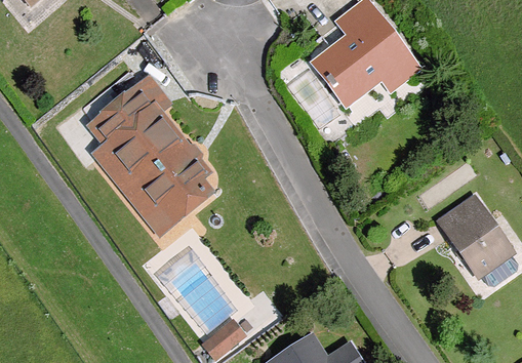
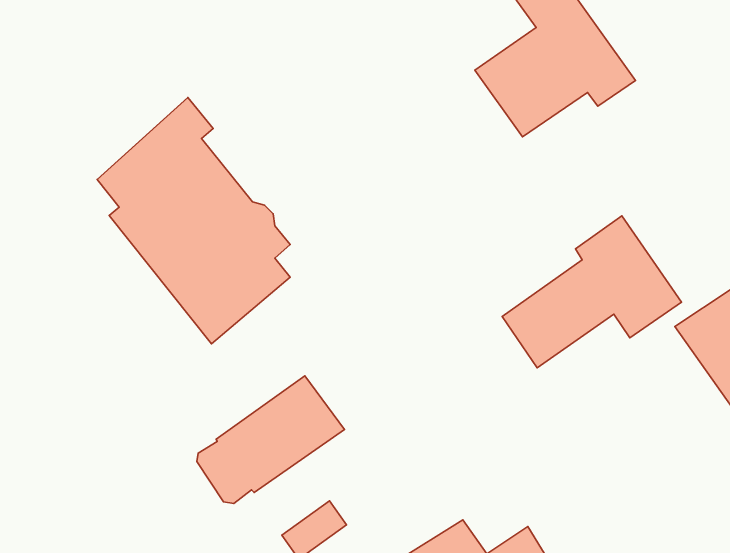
building: none -> [502,216,681,368]
building: none -> [197,376,345,503]

